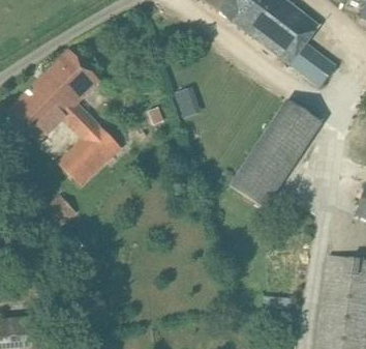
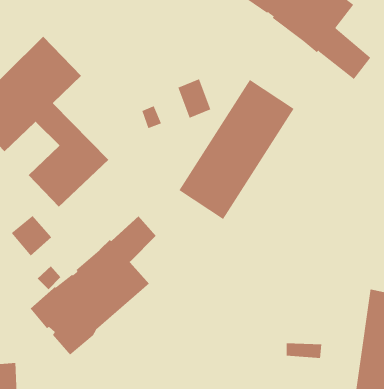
building: [228,96,322,209] -> [178,79,295,220]
building: none -> [30,215,157,355]

